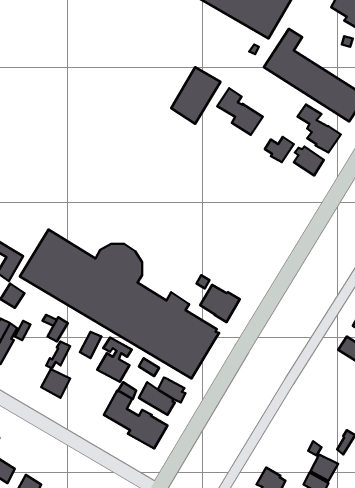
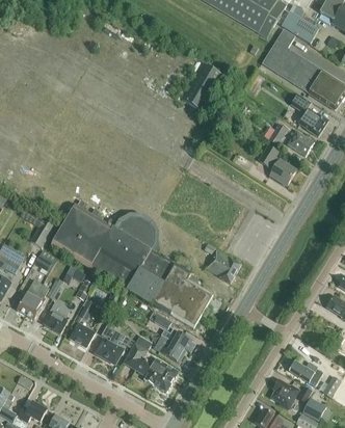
building: none -> [282,11,318,43]
building: [217,88,263,135] -> [258,144,297,185]
building: [97,338,132,382] -> [96,325,126,364]
building: none -> [45,302,70,333]
building: none -> [289,360,323,385]
building: none -> [269,380,299,409]

